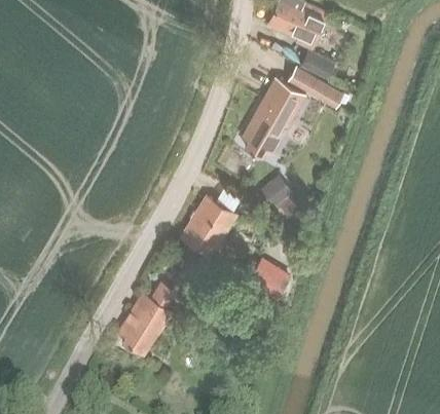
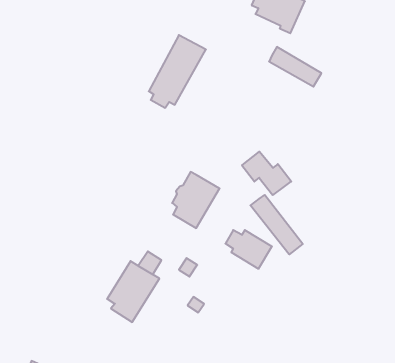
building: [299,49,334,78] -> none
building: [243,80,303,157] -> [149,35,206,108]
building: none -> [250,195,303,254]

